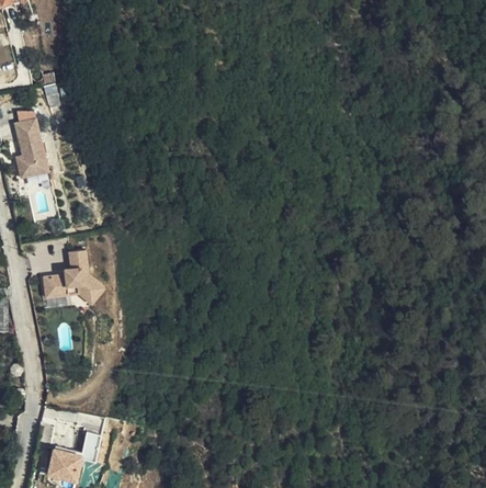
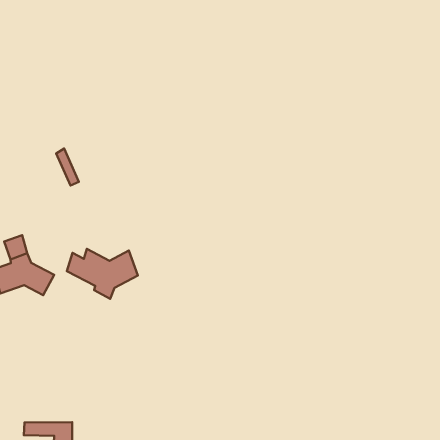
building: none -> [67,249,138,299]

